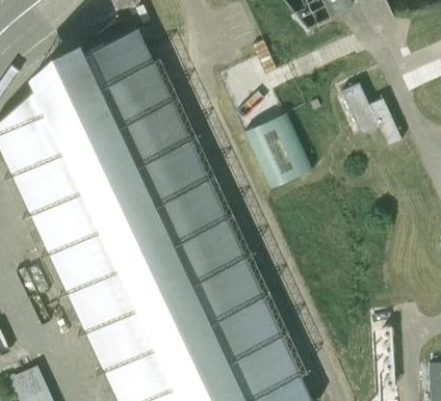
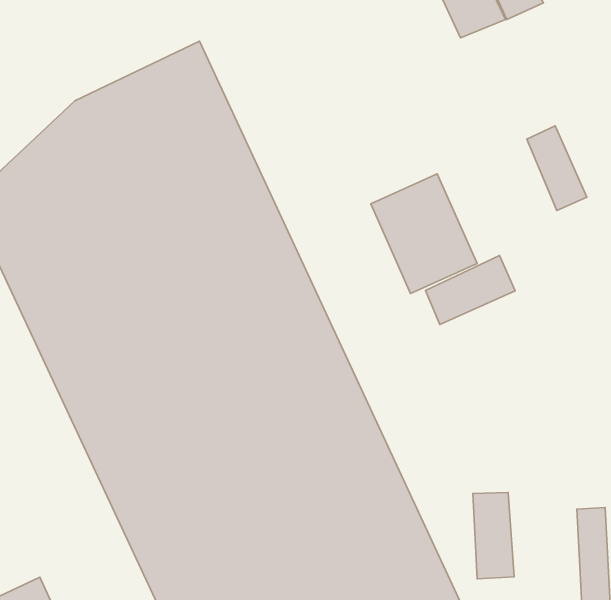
building: none -> [425,256,515,324]
building: none -> [473,493,514,579]

